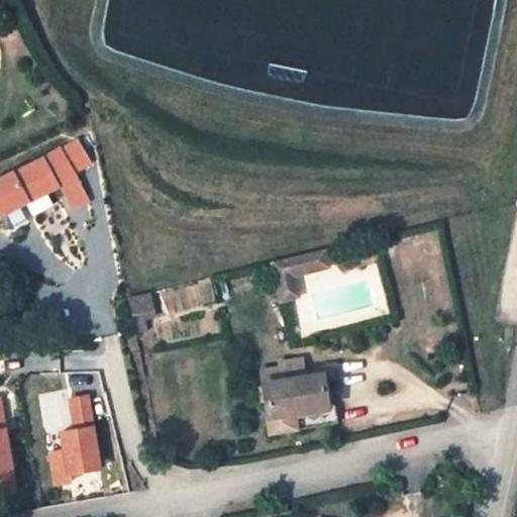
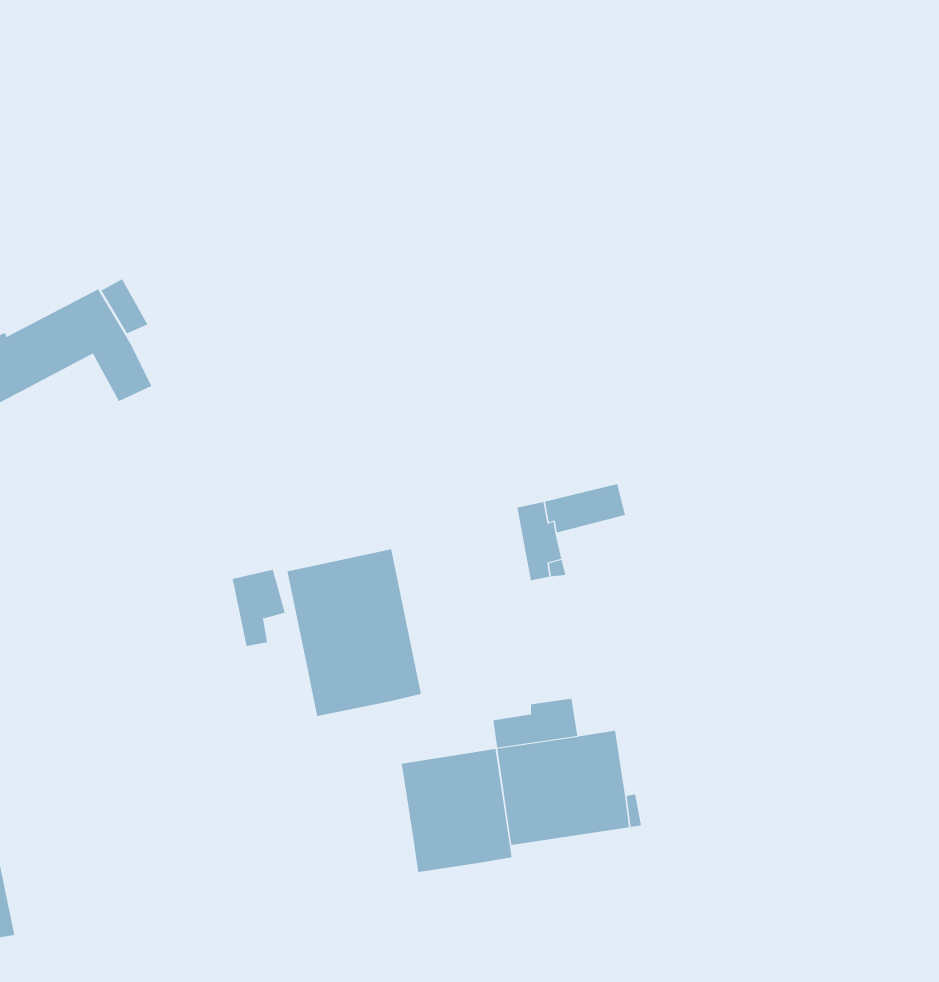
building: none -> [287,549,422,717]
building: none -> [401,748,512,873]
building: [48,392,105,483] -> none

